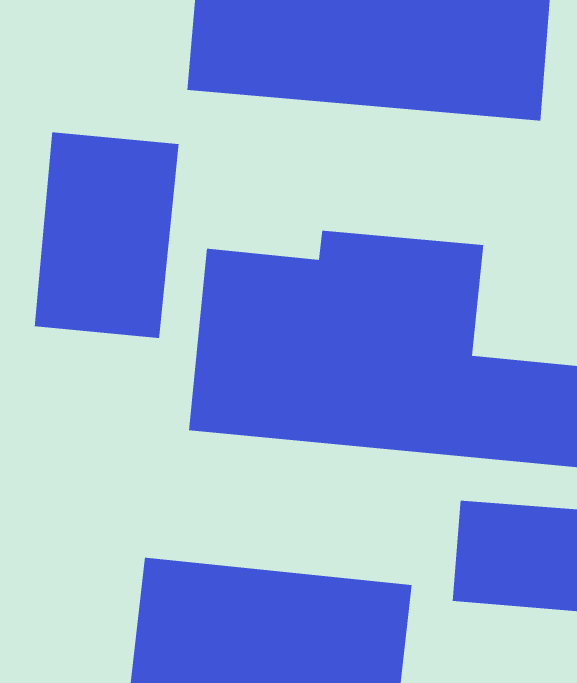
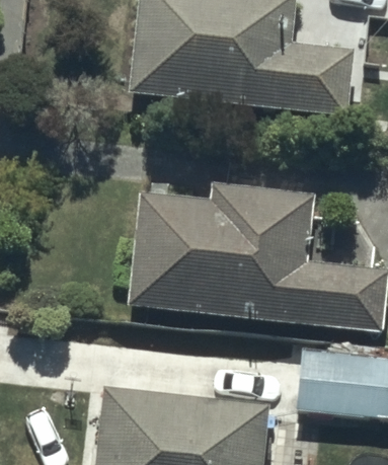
building: [34,131,179,339] -> none

